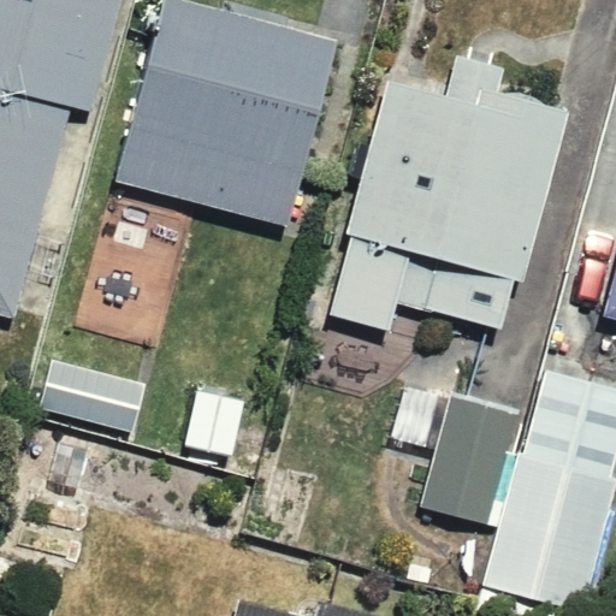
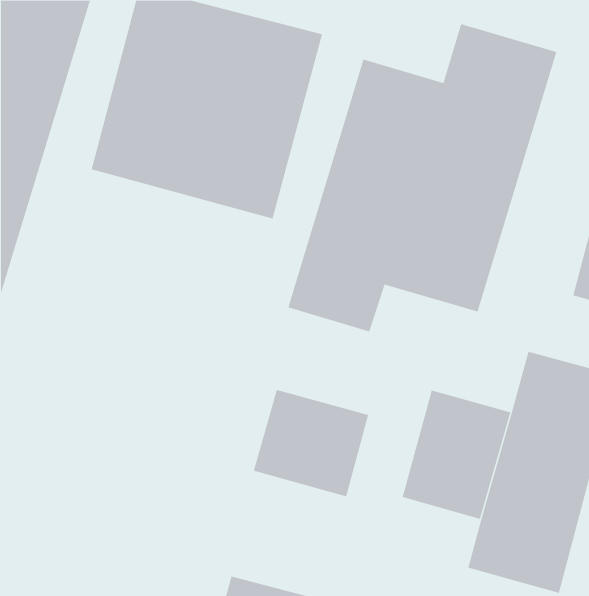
building: none -> [253,389,369,497]

